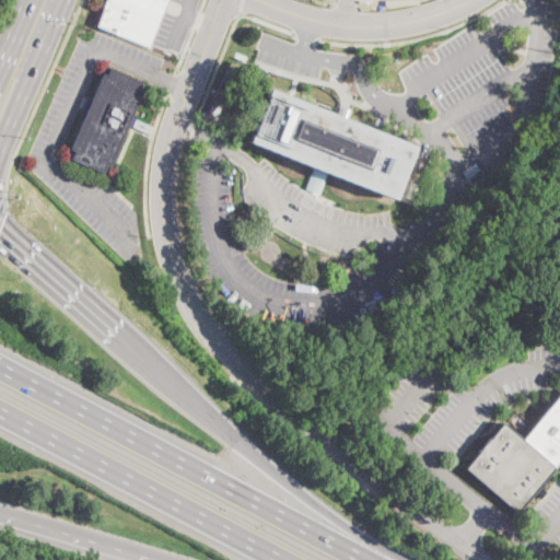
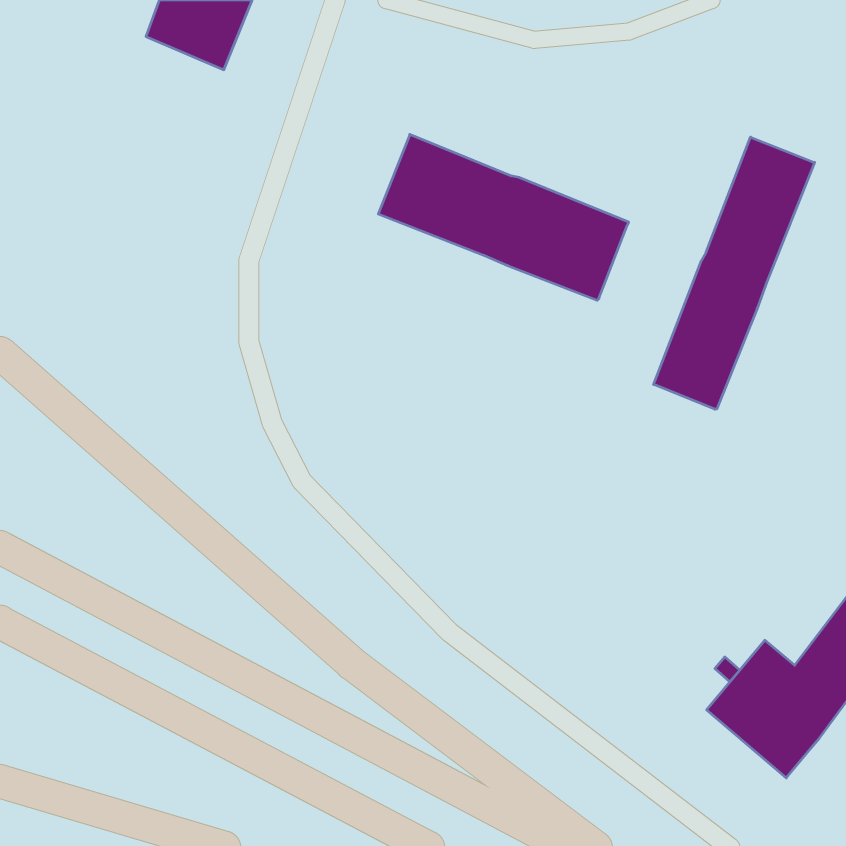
building: [72,69,144,174] -> none
building: none -> [654,137,815,409]

